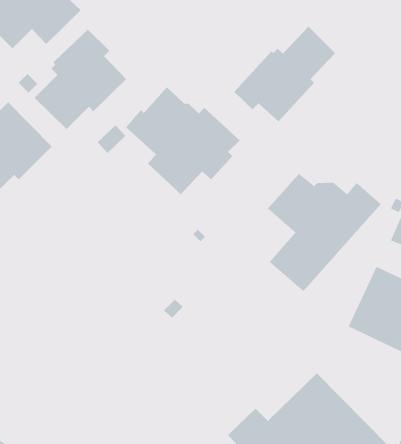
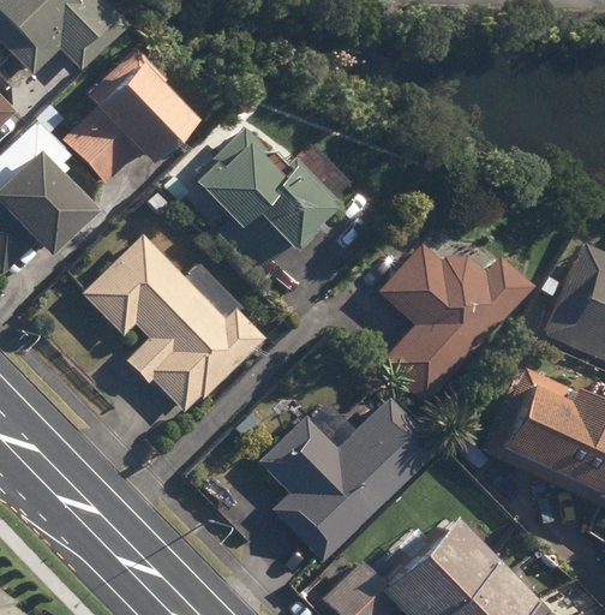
building: [234,26,336,122] -> none
building: none -> [83,233,266,411]
building: none -> [260,396,439,561]

